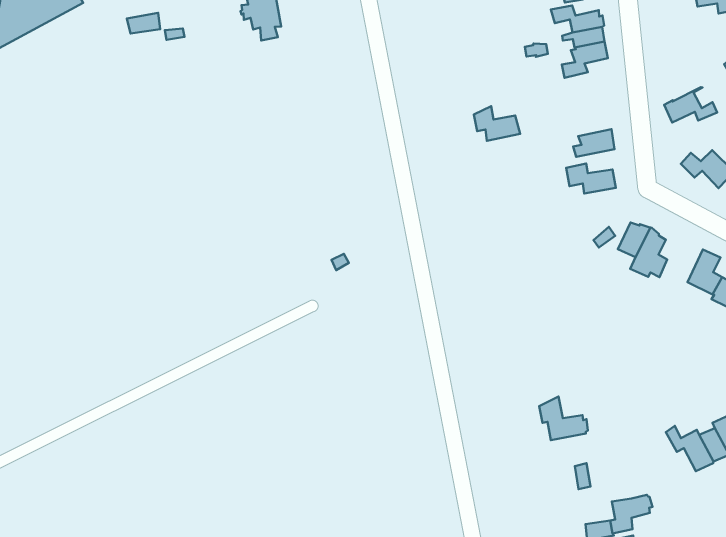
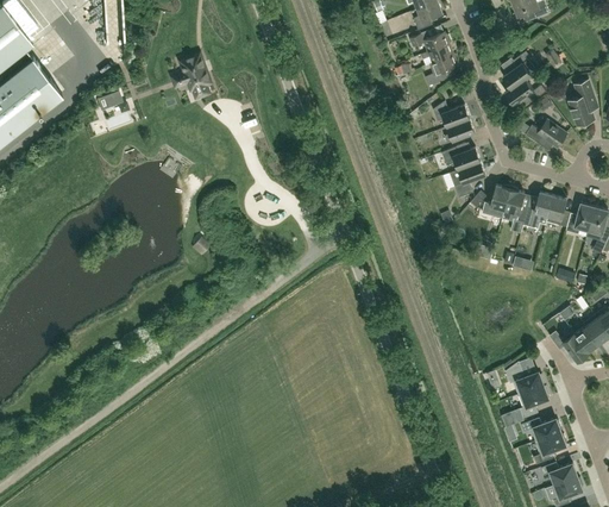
building: none -> [503,52,536,90]
building: [474,106,520,141] -> [433,102,470,129]
building: none -> [450,162,485,199]
building: none -> [523,193,553,230]
building: [539,397,588,440] -> [506,362,545,395]

